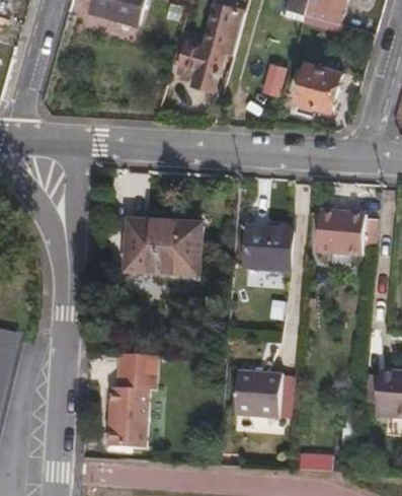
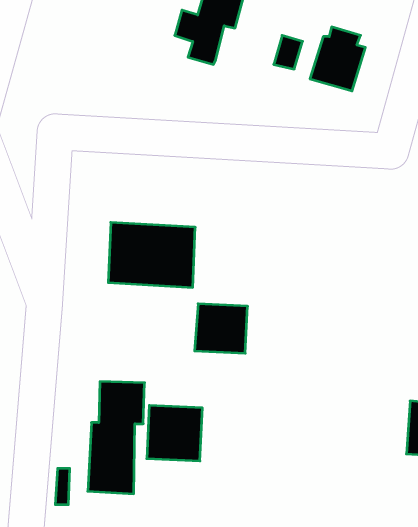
building: [316,211,364,255] -> none
building: [245,226,290,268] -> [195,304,248,353]
building: [234,370,280,417] -> [147,405,202,461]

